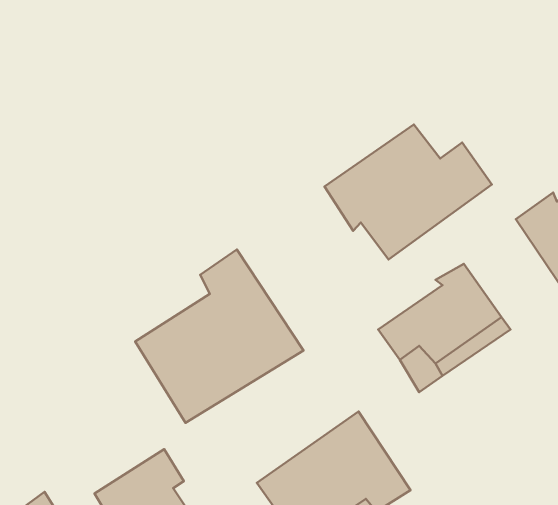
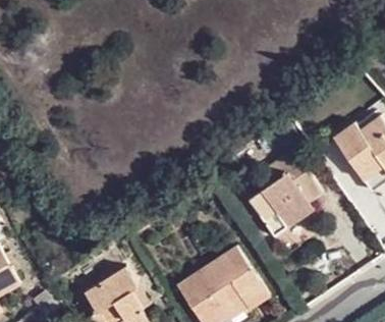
building: [324,124,492,259] -> none
building: [135,250,304,423] -> none

